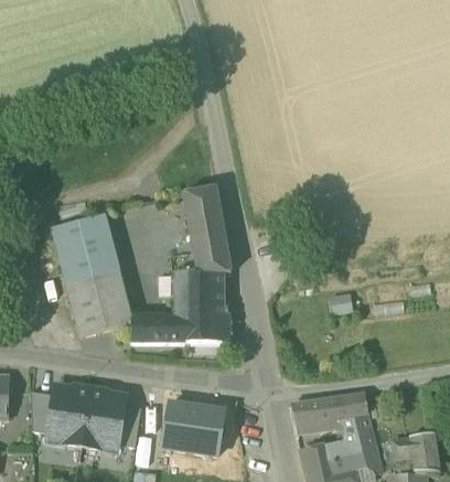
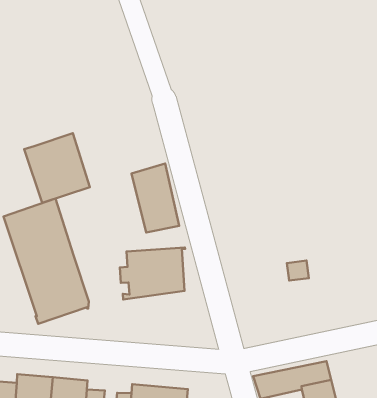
building: none -> [24,133,90,203]
building: [193,248,231,270] -> none
building: [130,313,233,342] -> none

